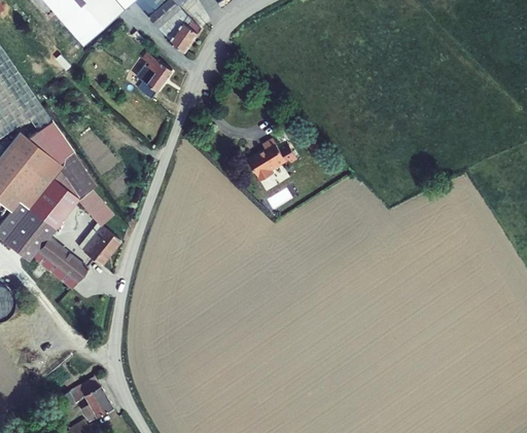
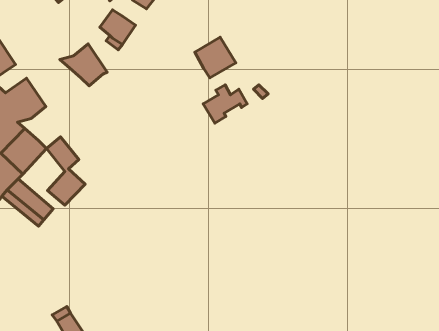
building: none -> [195,37,236,78]
building: [40,157,94,205] -> [60,44,107,86]

